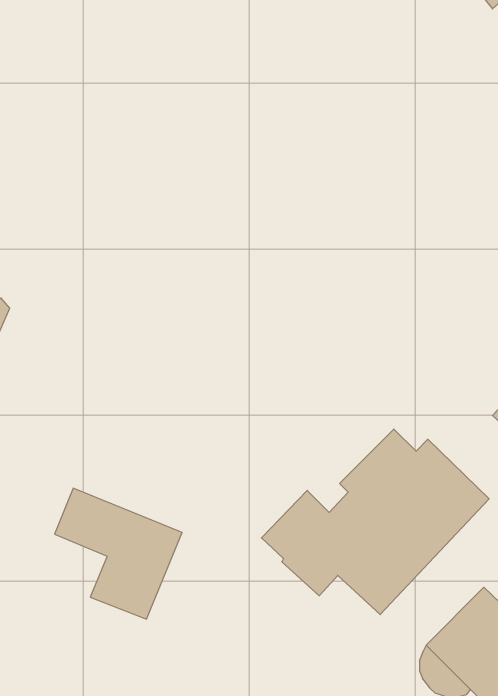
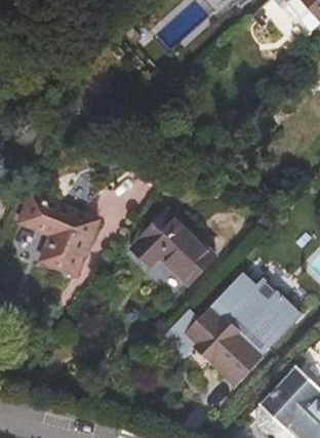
building: none -> [133,212,215,284]
building: [55,488,182,619] -> [22,194,98,273]

